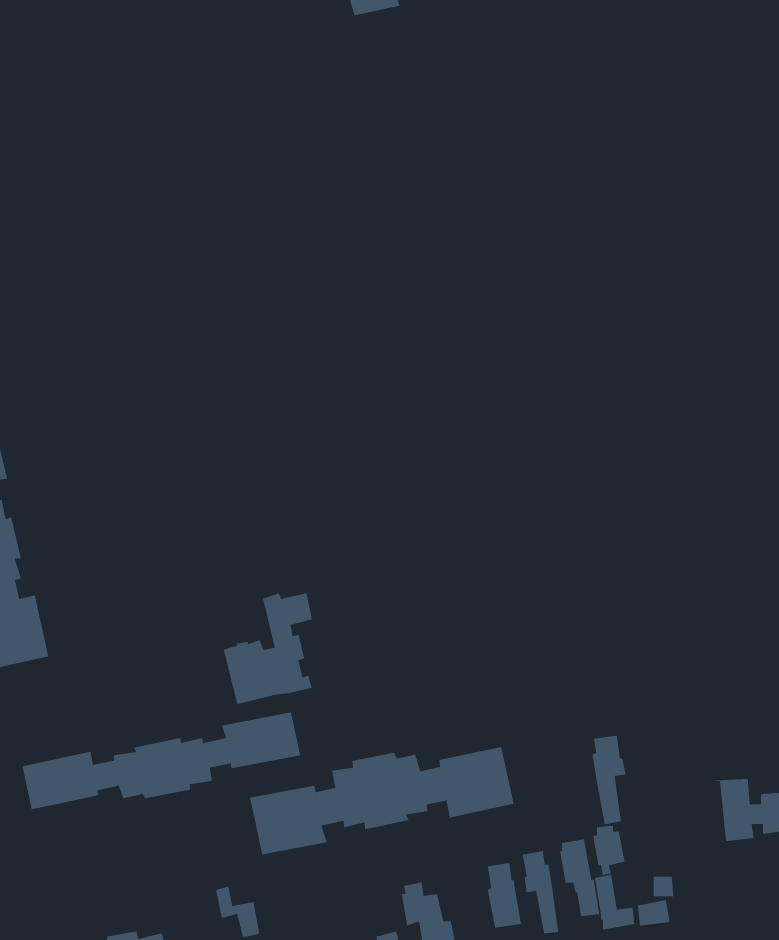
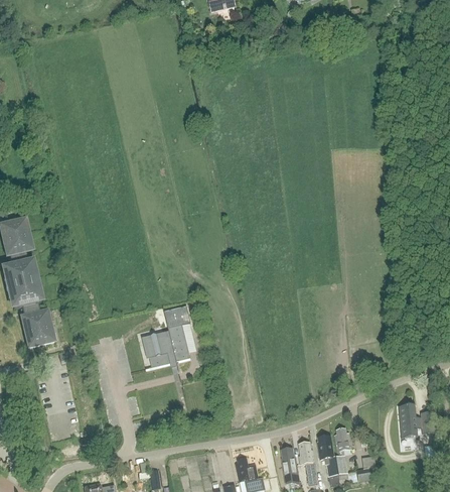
building: [21,712,301,810] -> none
building: [591,735,627,825] -> none
building: [249,746,514,855] -> none

